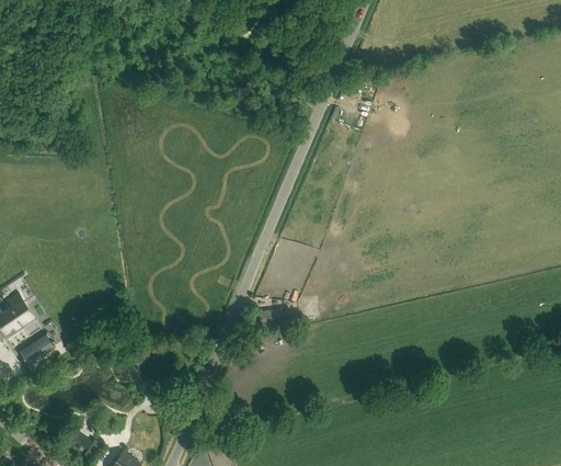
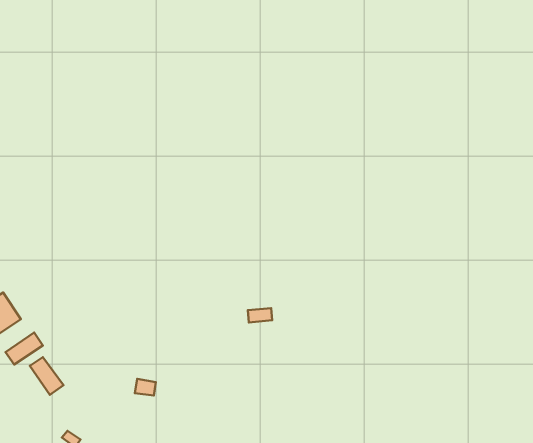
building: none -> [30,357,64,395]

